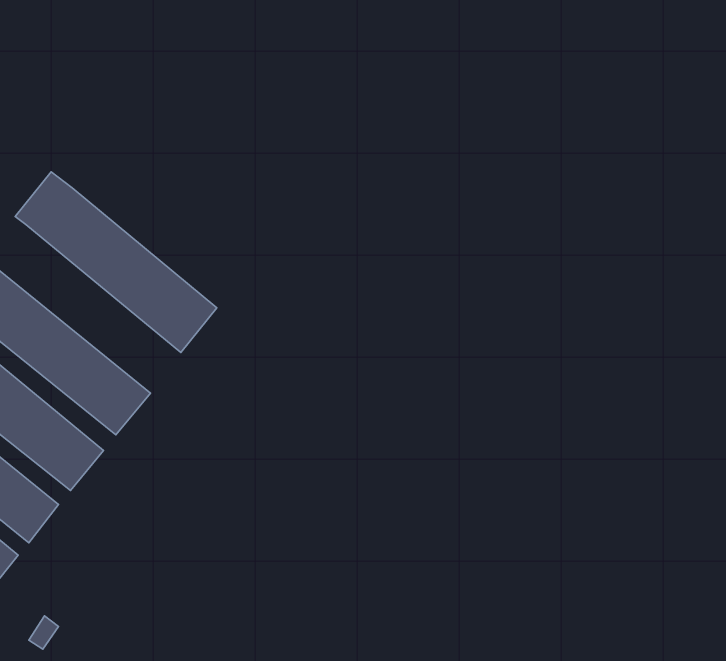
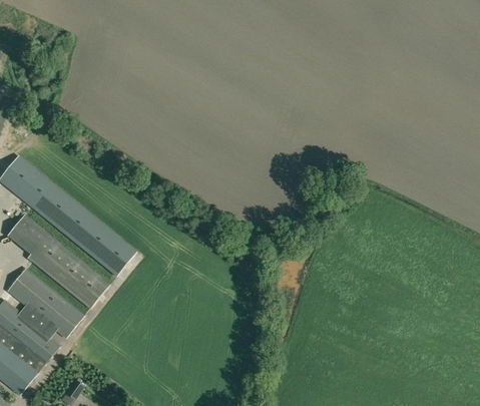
building: [15,172,217,353] -> none

